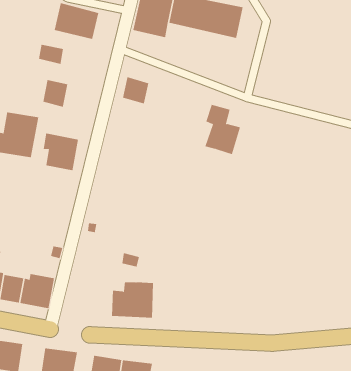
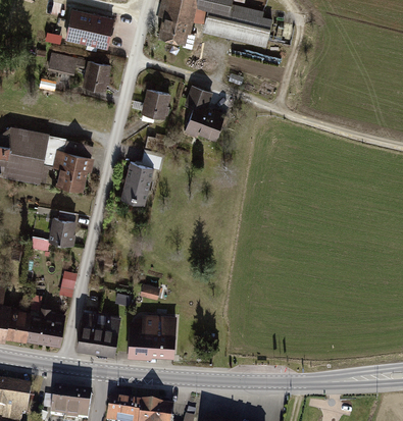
building: [42,80,68,107] -> [82,62,110,93]
building: [205,104,241,155] -> [184,89,223,145]
building: none -> [120,163,153,207]
building: none -> [48,217,78,245]
building: none -> [78,311,119,355]

